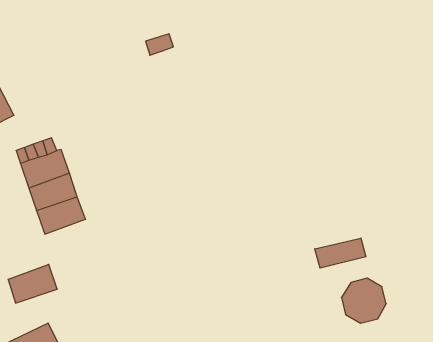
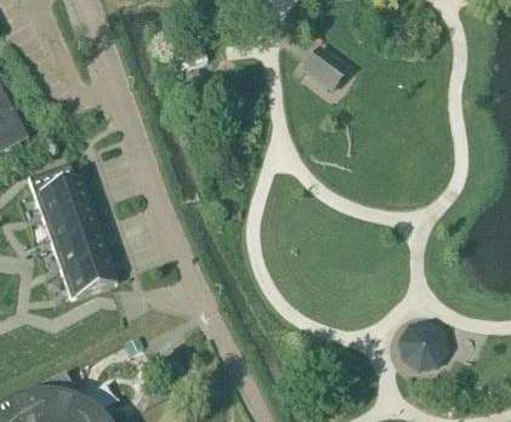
building: none -> [303,50,346,90]
building: [315,238,366,268] -> none
building: [8,264,57,303] -> [61,256,117,300]

